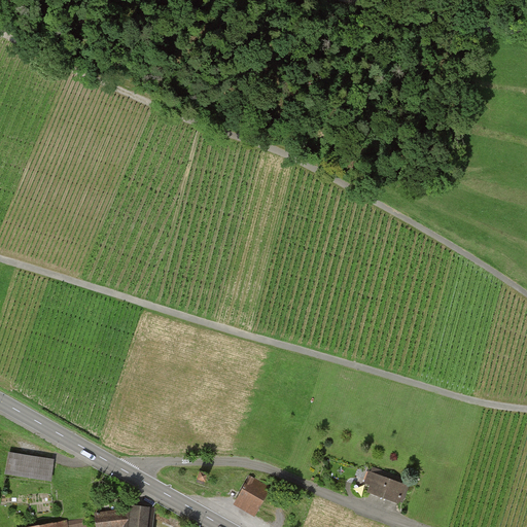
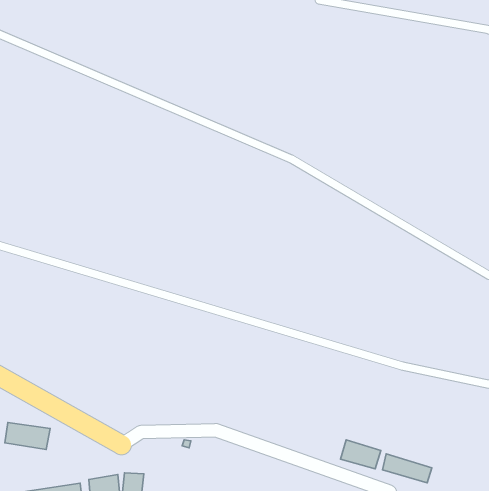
building: [233,478,270,517] -> none
building: none -> [382,454,432,483]

